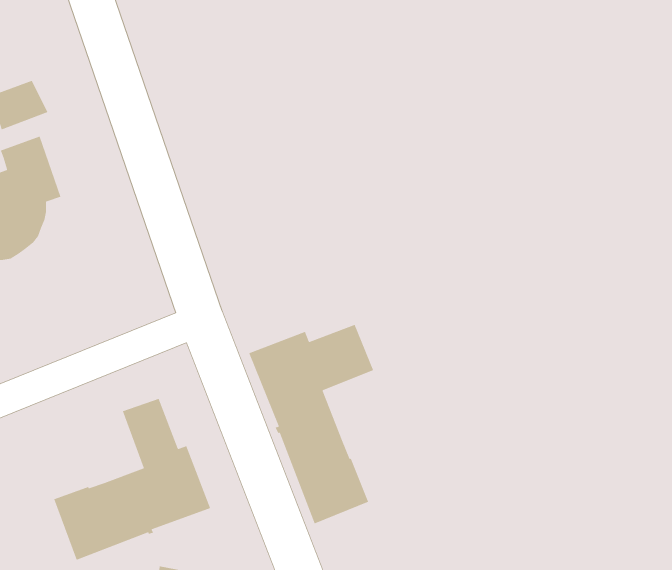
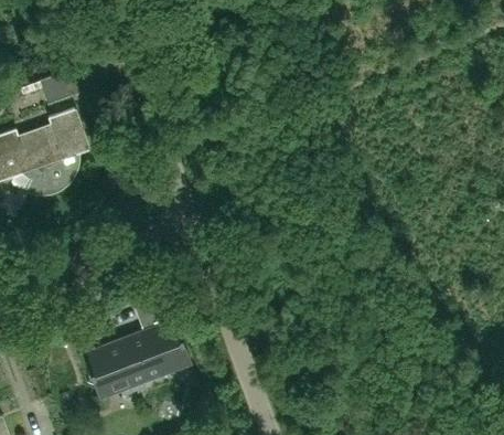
building: [248,324,374,525] -> none

